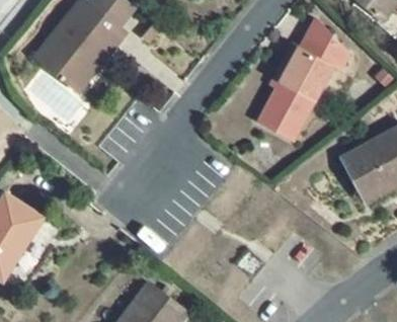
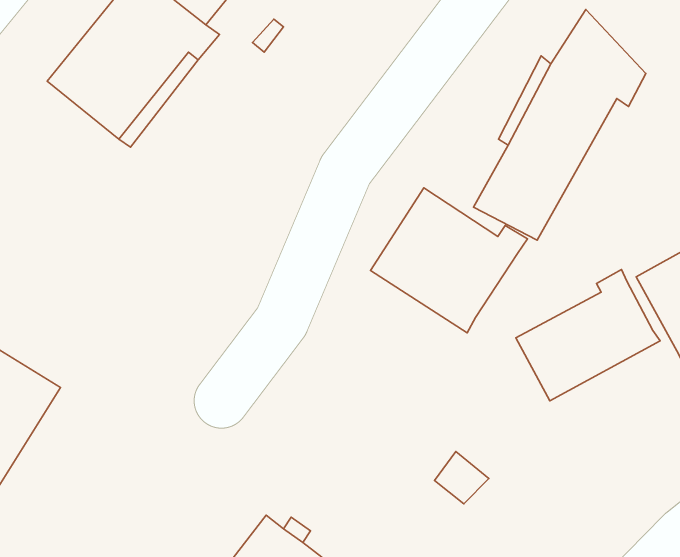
building: none -> [371,188,528,333]
building: none -> [516,269,660,401]

